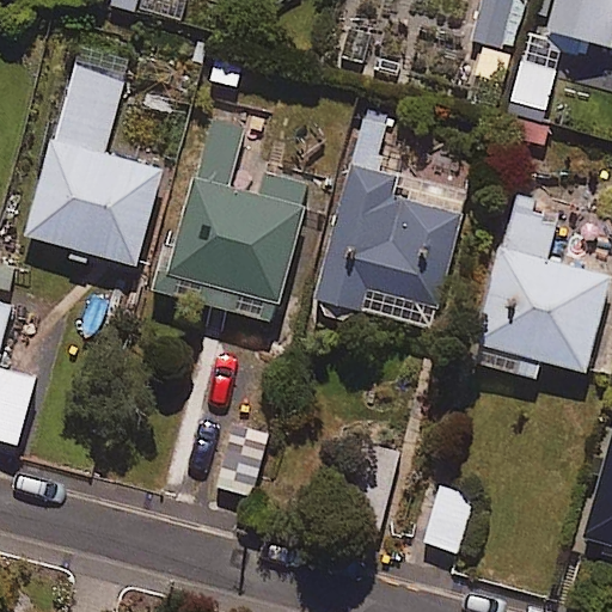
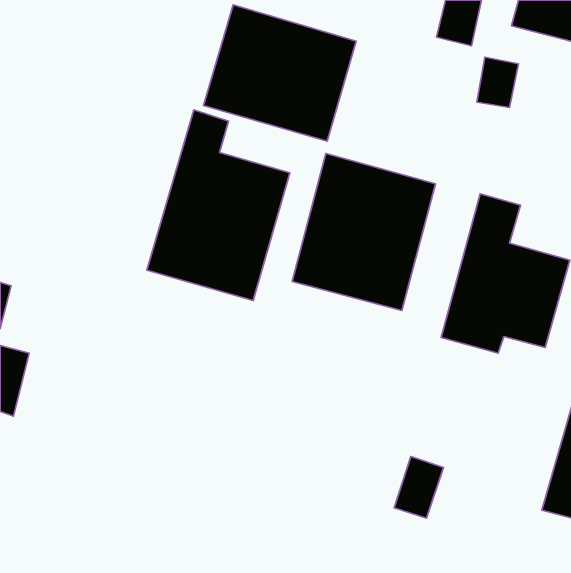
building: none -> [203,5,356,141]
building: [25,62,163,265] -> none

